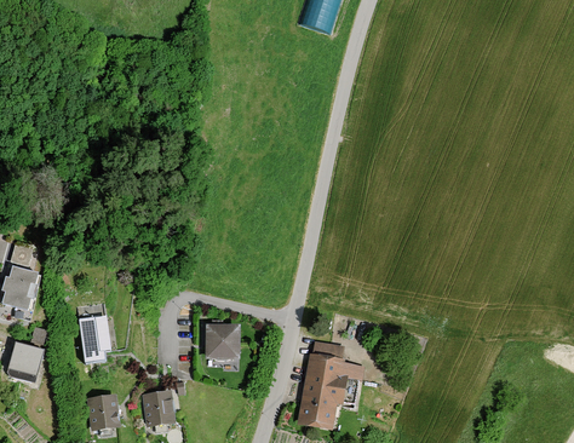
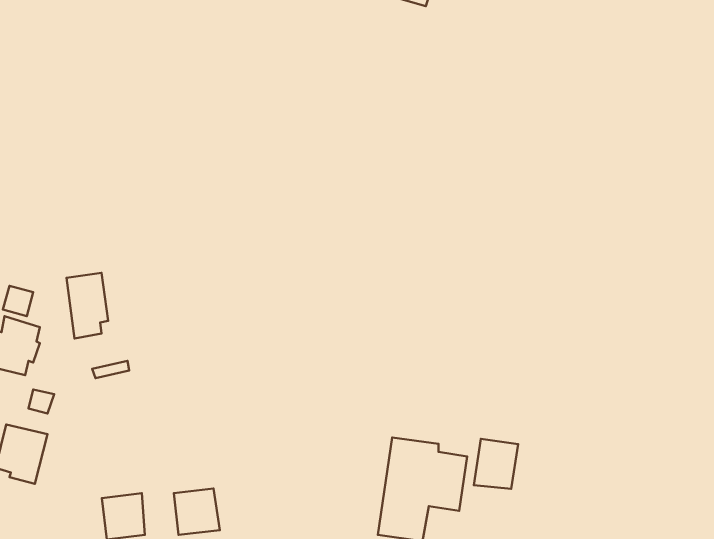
building: [80,311,111,361] -> [67,273,108,338]
building: [206,321,242,356] -> none
building: none -> [474,439,518,489]

